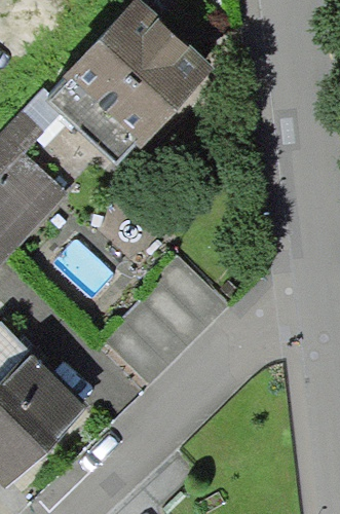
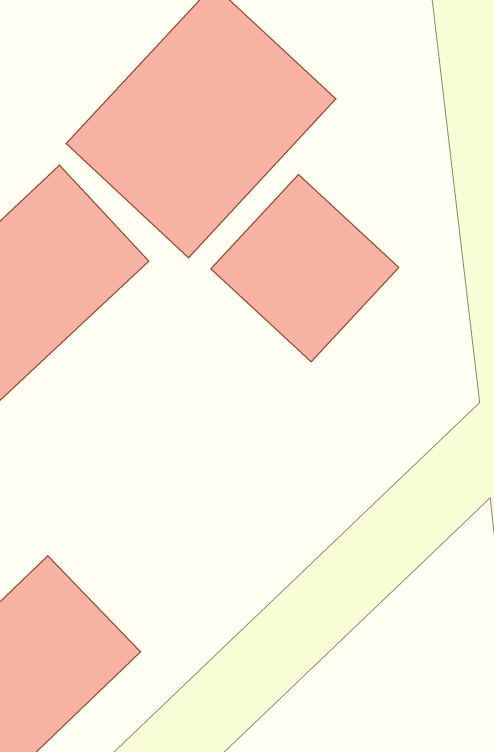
building: none -> [211,175,399,362]

